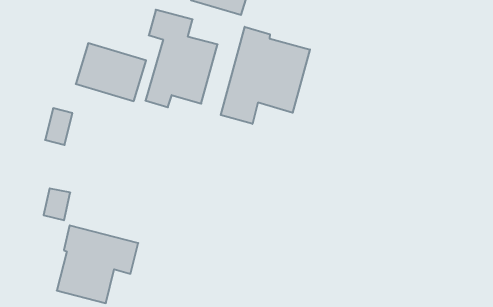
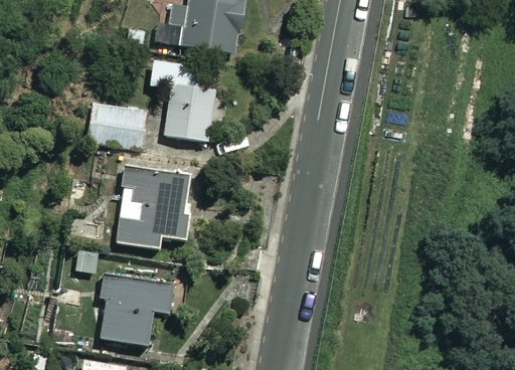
building: [221,27,310,124] -> none
building: none -> [117,168,193,249]

